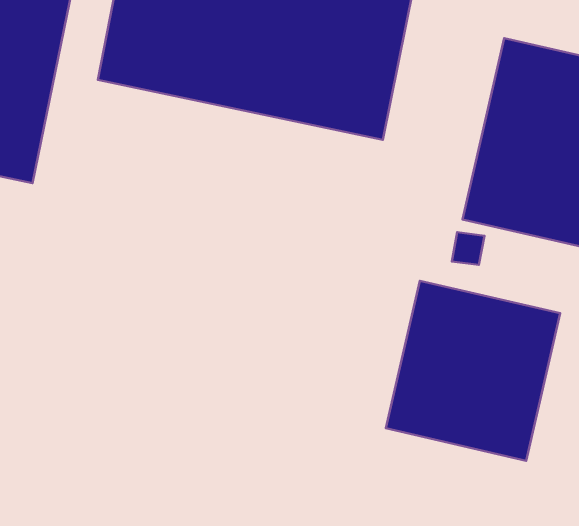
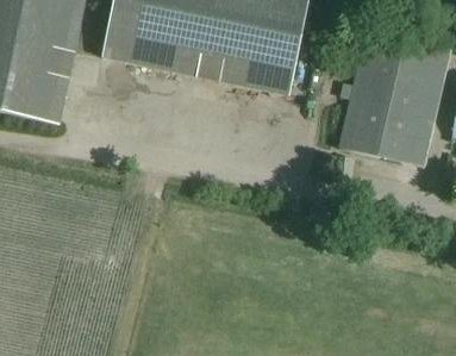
building: [386,281,560,461] -> none

